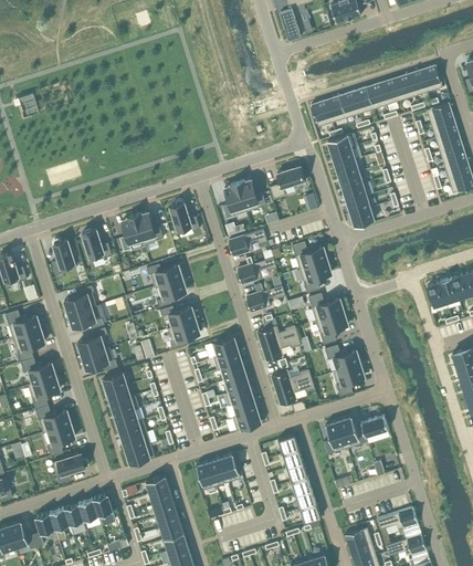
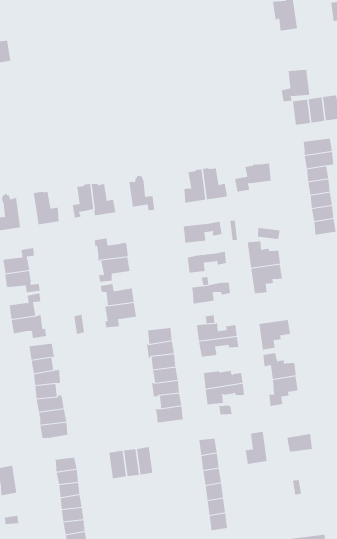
building: none -> [281,69,310,102]
building: [307,292,343,319] -> none
building: [337,416,366,448] -> none

